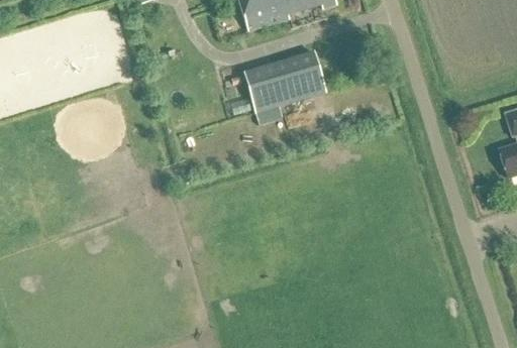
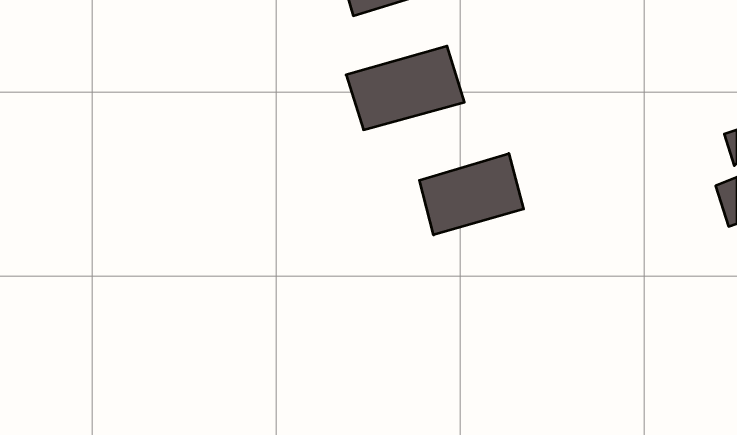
building: none -> [419,153,524,235]

